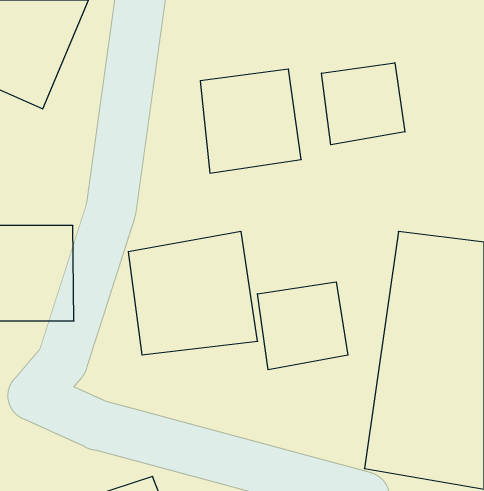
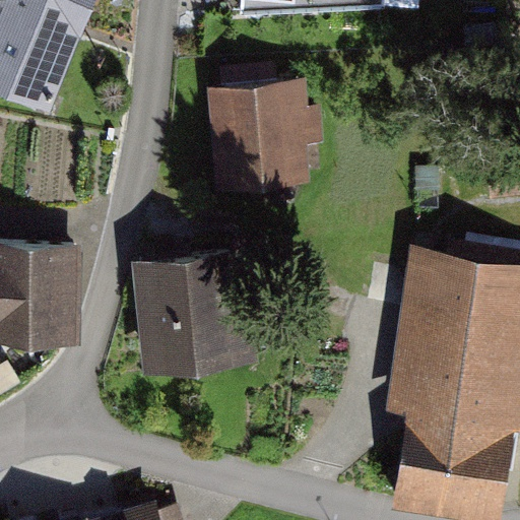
building: [322,63,405,145] -> none
building: [257,282,348,370] -> none

